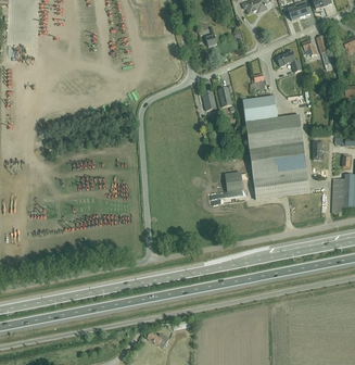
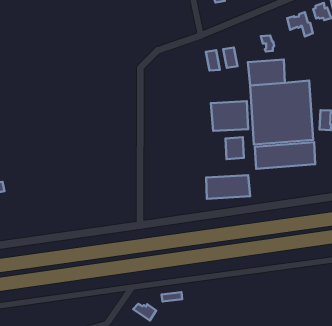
building: none -> [211,101,248,131]
building: none -> [206,175,250,199]

